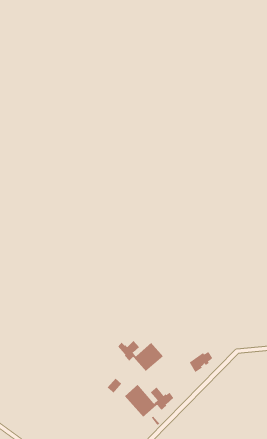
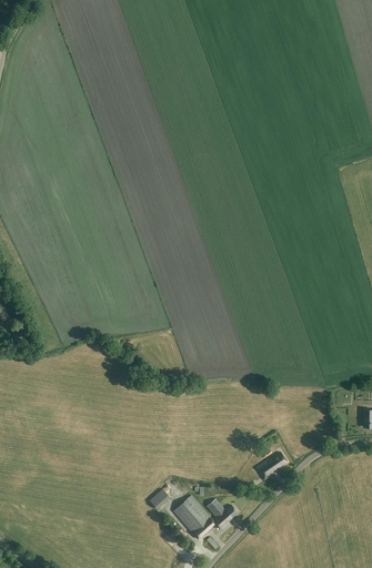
building: [117,340,164,372] -> none

